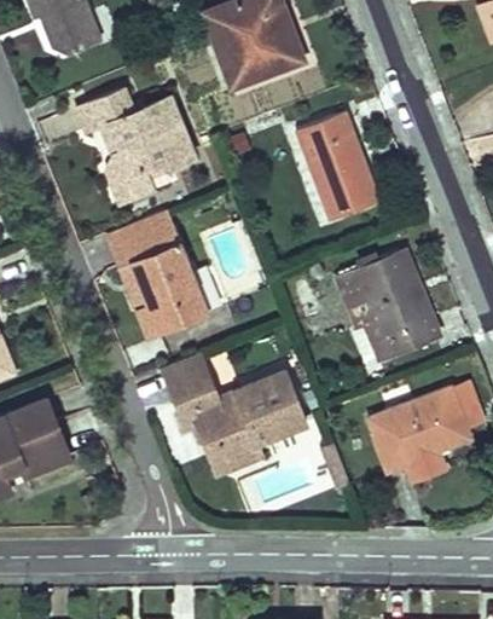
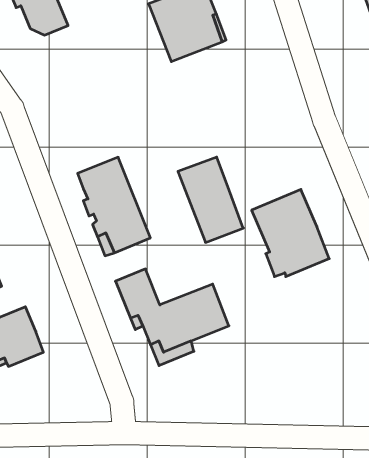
building: [77,88,197,203] -> none
building: [296,111,379,220] -> [178,157,243,242]
building: [369,387,471,470] -> none

